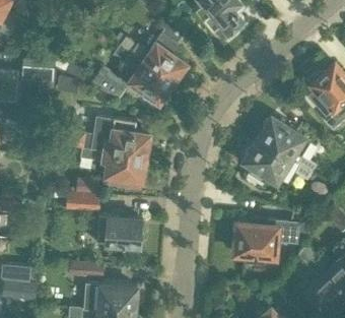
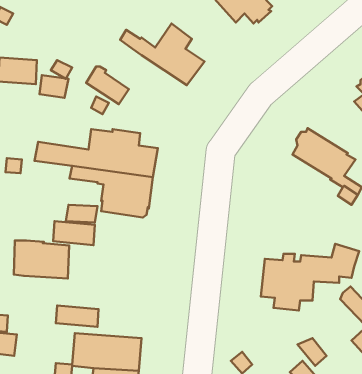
building: [114,46,174,107] -> none
building: [245,138,290,182] -> none
building: [96,215,141,246] -> [14,241,69,278]

